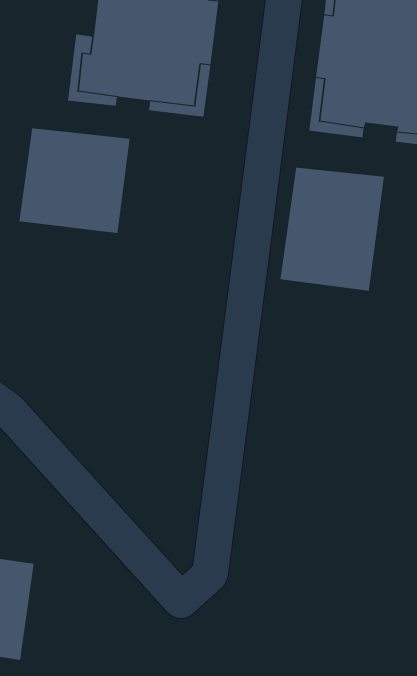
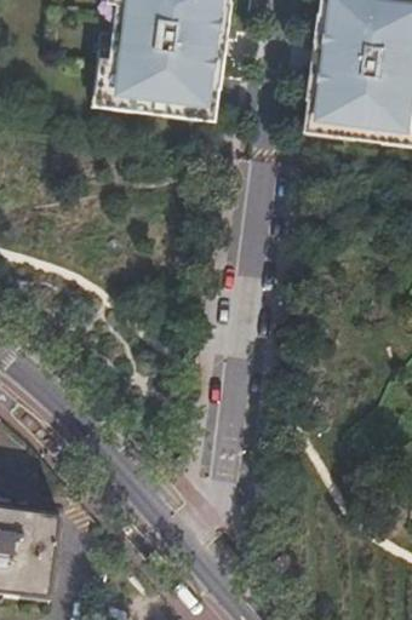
building: [19,128,130,234] -> none
building: [280,167,384,291] -> none

